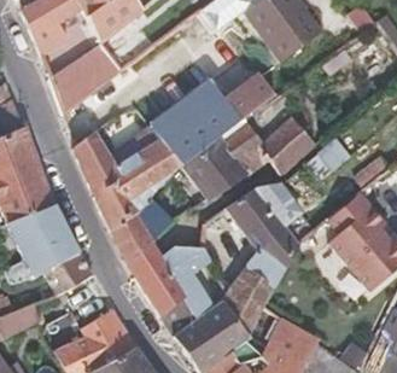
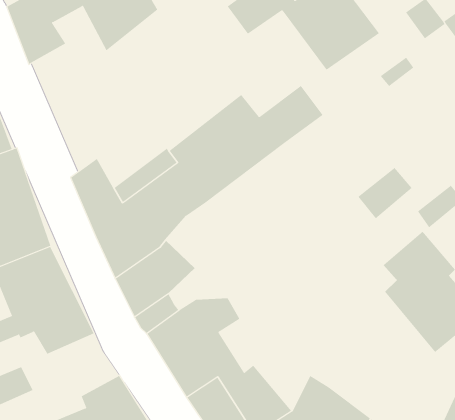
building: [51,46,116,113] -> none
building: [182,115,316,200] -> none
building: [221,182,300,338] -> none

